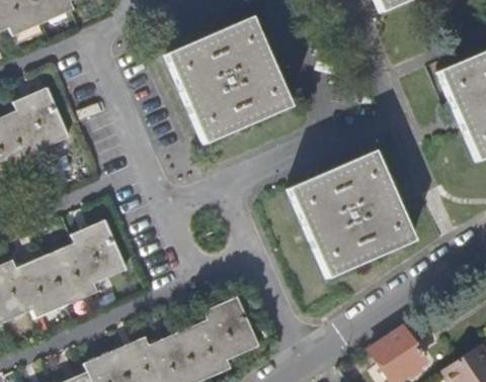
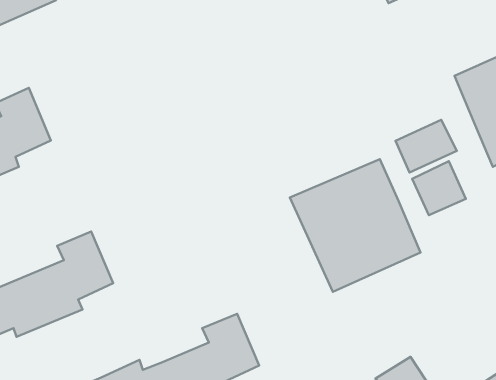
building: [166,15,290,138] -> none
building: none -> [395,120,457,172]
building: none -> [412,161,466,215]

